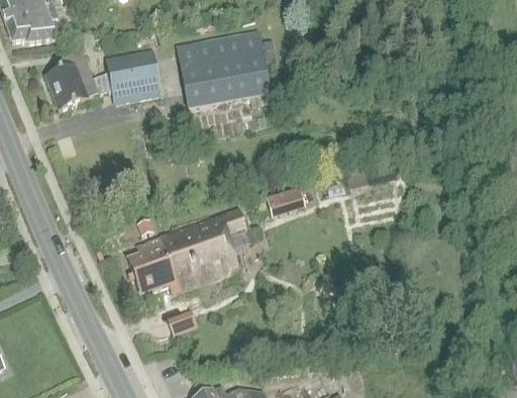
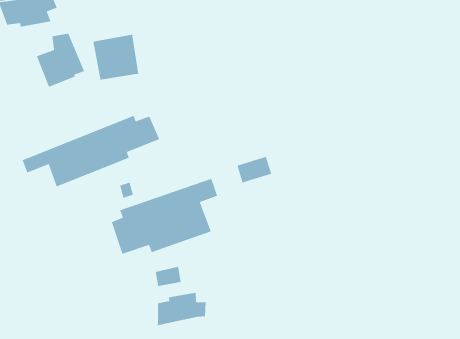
building: [176,30,269,109] -> none
building: none -> [22,115,160,187]
building: none -> [157,292,206,326]

